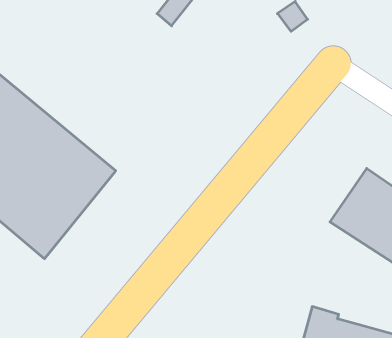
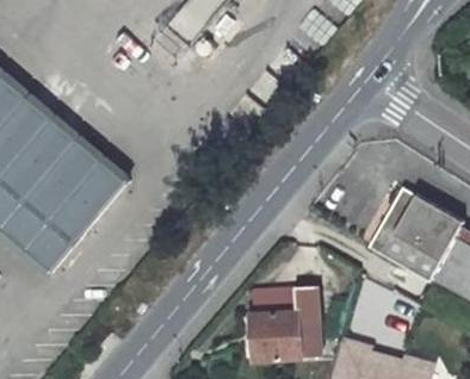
building: none -> [253,284,321,358]

